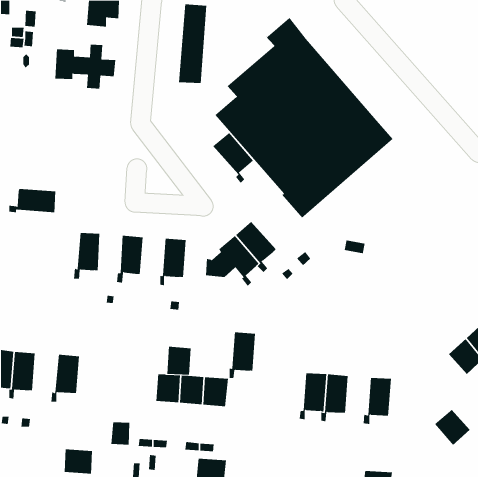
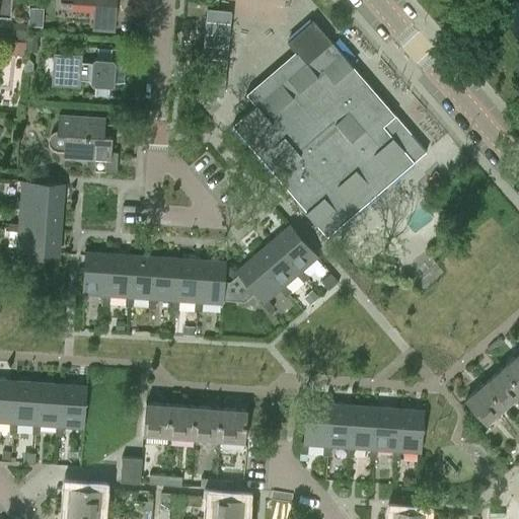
building: none -> [50,116,119,172]
building: [213,132,254,184] -> [273,226,317,282]
building: none -> [11,182,64,209]
building: none -> [8,229,61,255]
building: none -> [103,254,133,306]
building: none -> [150,258,179,309]
building: none -> [195,262,225,313]
building: [229,332,256,379] -> [302,403,331,454]
building: [166,346,192,375] -> [144,404,171,436]
building: none -> [33,384,64,435]
building: none -> [371,409,401,459]
building: [434,409,471,446] -> [466,385,506,425]

